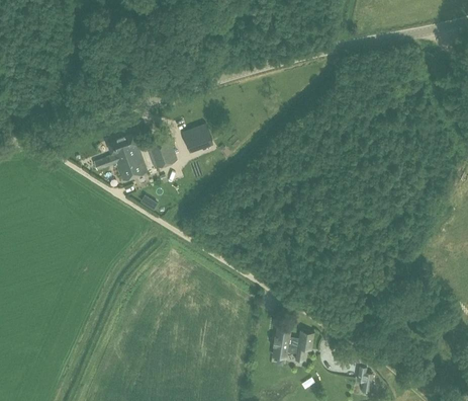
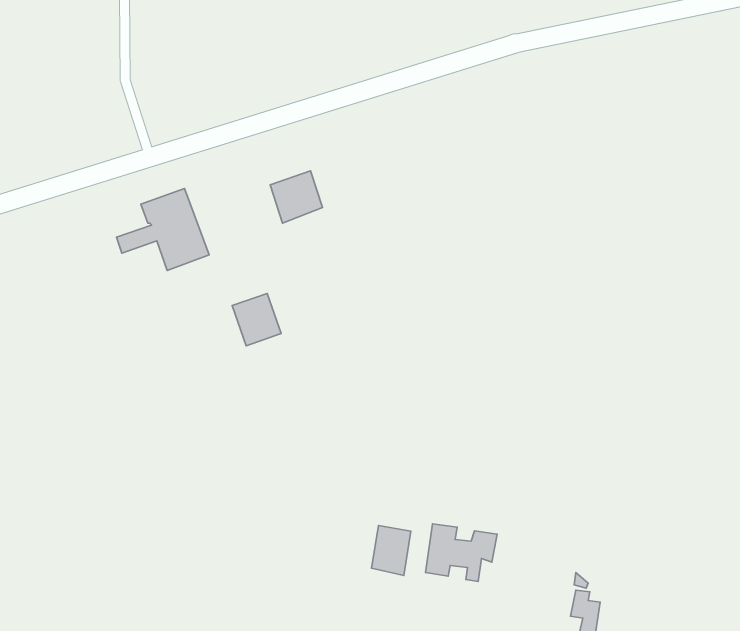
building: [148,139,176,169] -> [232,293,281,346]
building: none -> [372,526,411,576]

